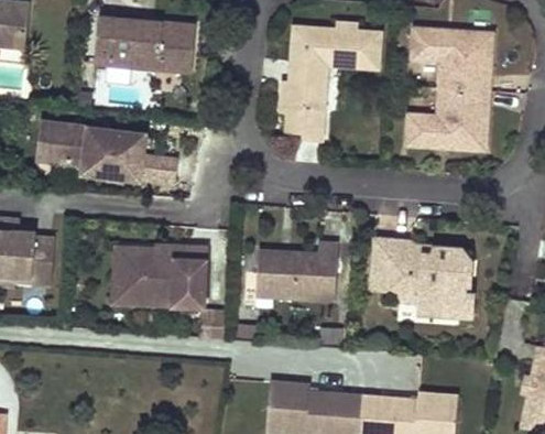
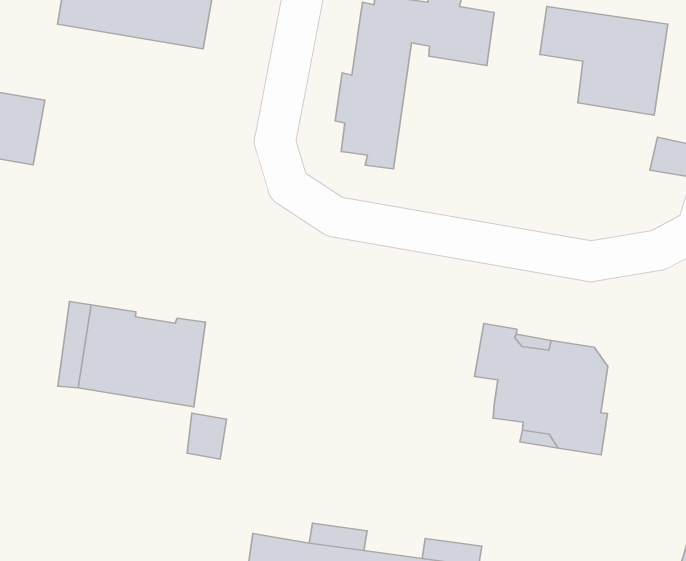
building: [406,89,490,152] -> none
building: [84,115,177,177] -> none
building: [370,238,401,292] -> none
building: [242,242,338,310] -> none

